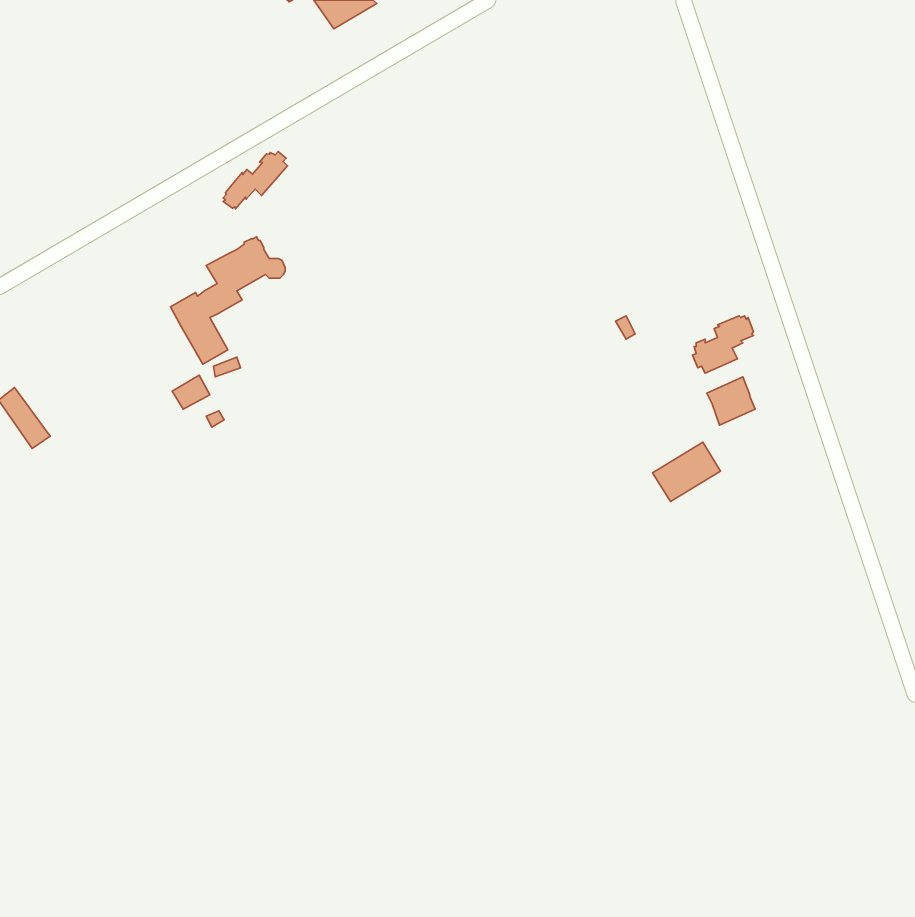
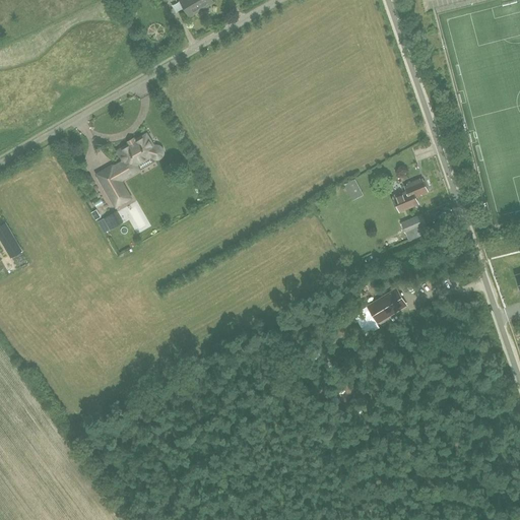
building: [223,152,287,209] -> none
building: [652,442,721,502] -> [367,288,405,322]

